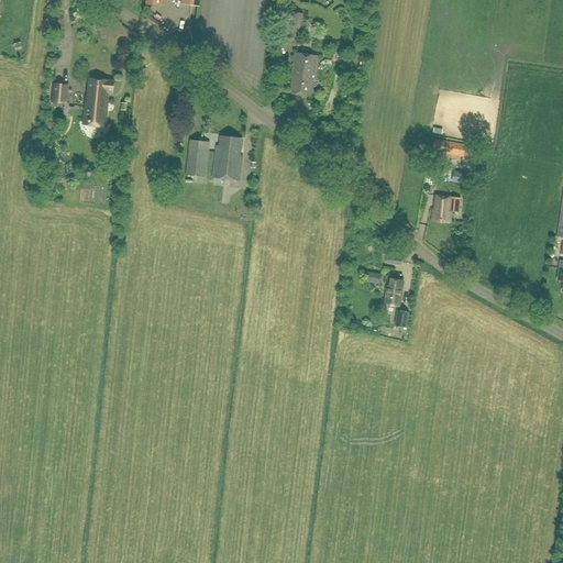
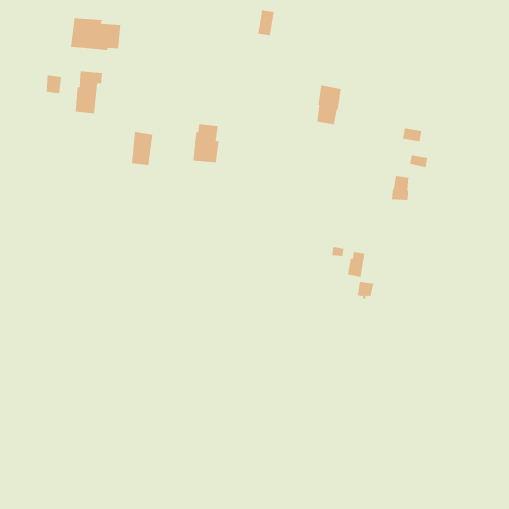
building: none -> [71,18,121,51]
building: [289,52,317,96] -> [317,85,342,125]
building: [185,139,209,176] -> [131,132,153,165]

